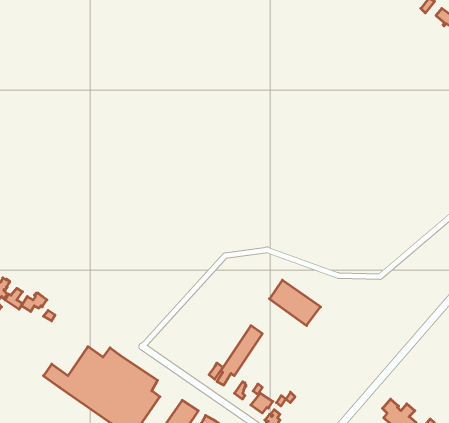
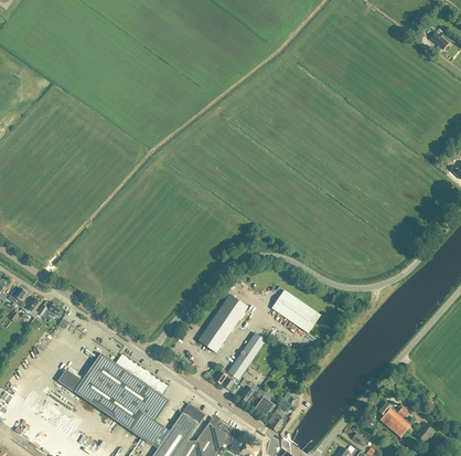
building: none -> [197,294,247,352]

